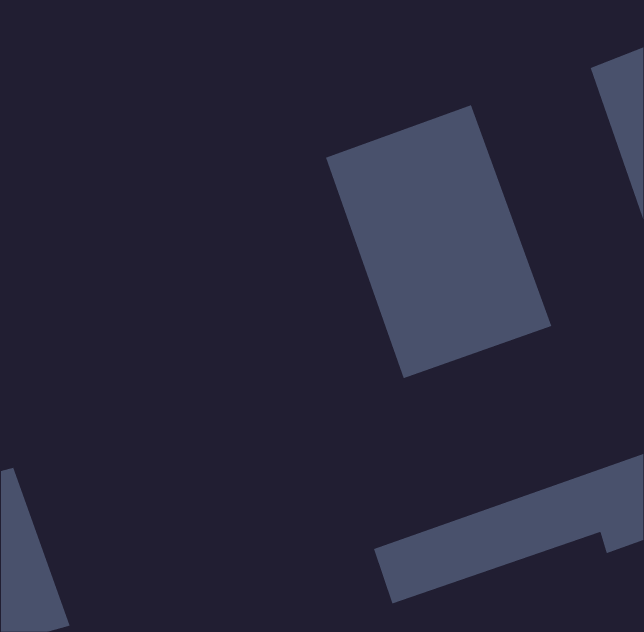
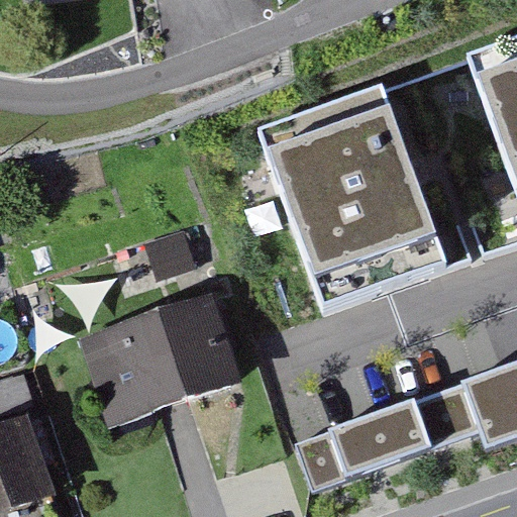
building: none -> [92,296,242,422]

